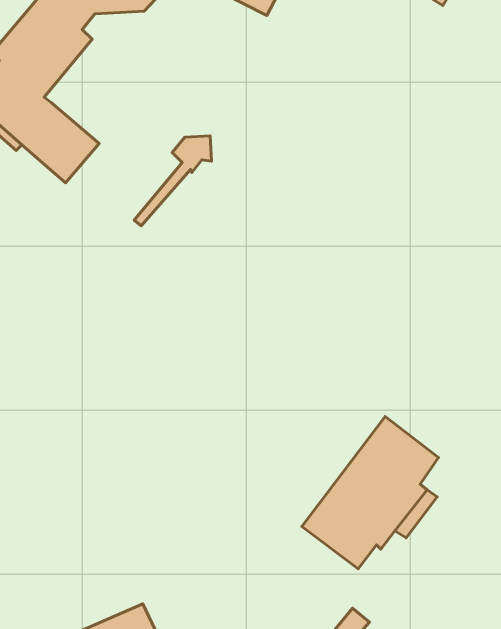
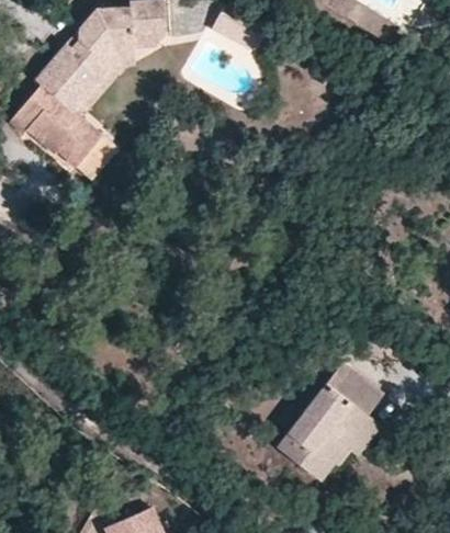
building: [134,136,212,226] -> [76,47,136,117]

